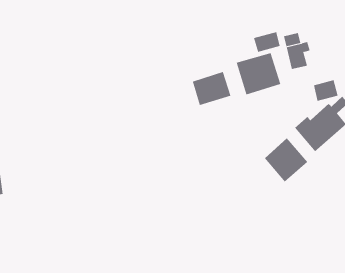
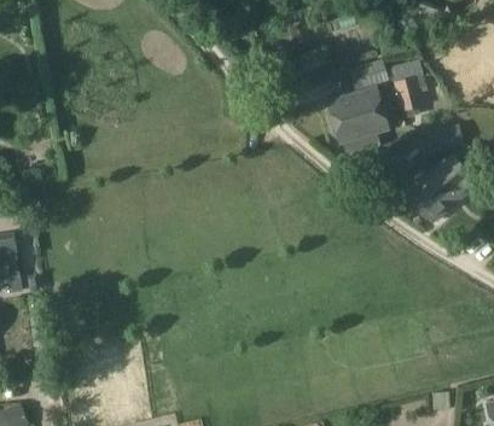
building: [192,71,231,106] -> none
building: [264,138,308,182] -> none

